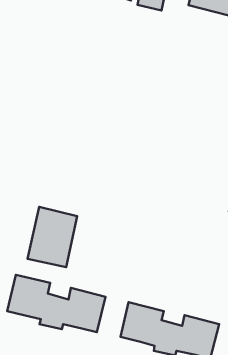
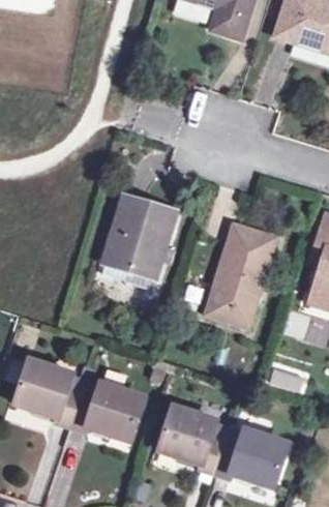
building: none -> [204,223,273,324]
building: [28,207,77,267] -> [107,198,174,277]

